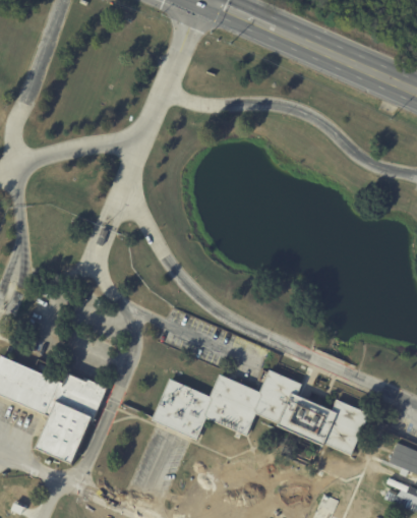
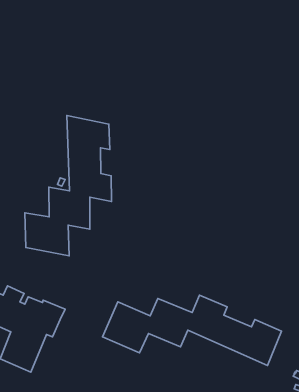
building: none -> [25,116,111,256]

